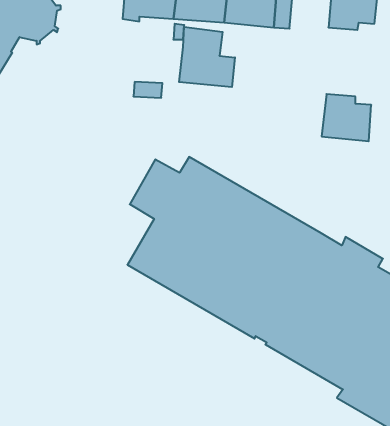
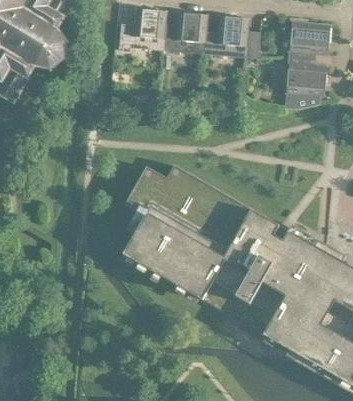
building: [179,27,235,87] -> none
building: [322,94,371,141] -> [285,57,326,96]

